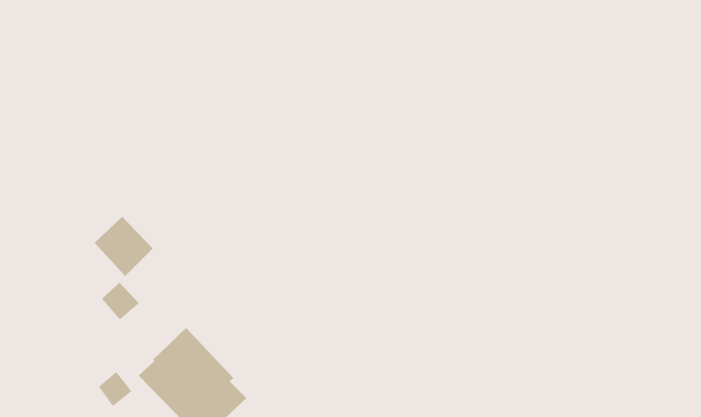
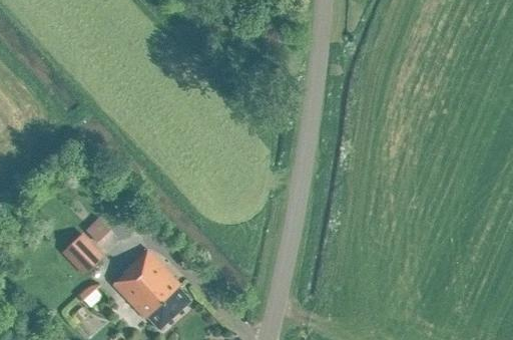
building: [94,216,153,277] -> [62,232,104,275]

